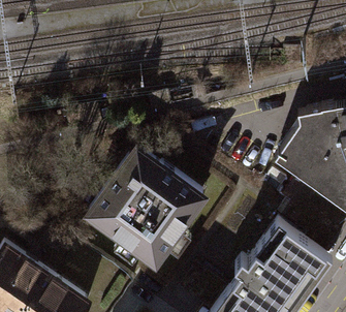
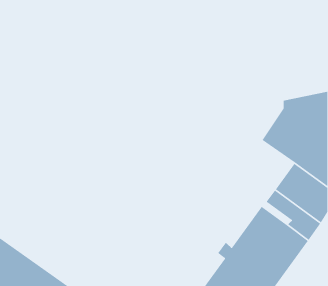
building: [89,157,202,261] -> none

